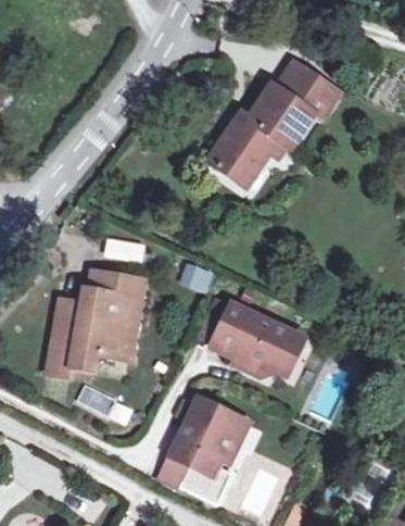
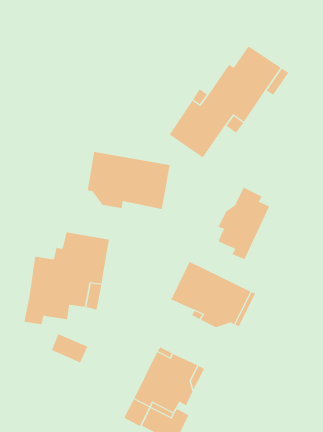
building: none -> [87,151,170,210]
building: none -> [218,187,270,260]

